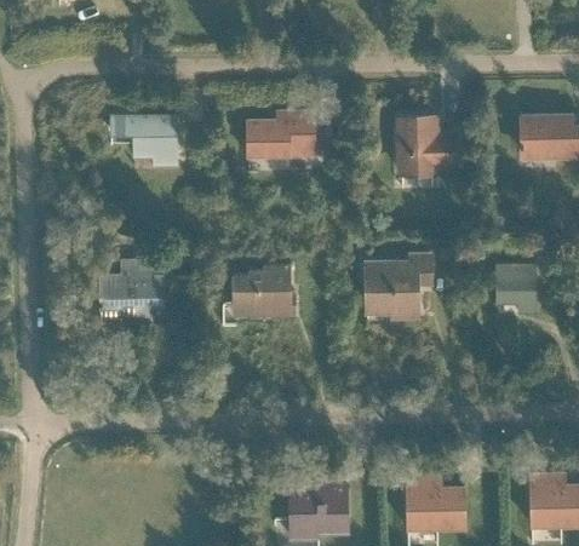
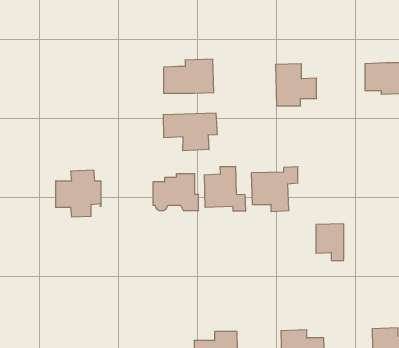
building: [110,115,177,166] -> none
building: none -> [164,113,217,151]
building: none -> [204,166,246,211]
building: [497,264,534,314] -> [316,224,344,260]

